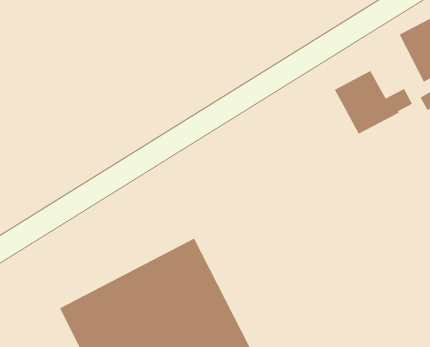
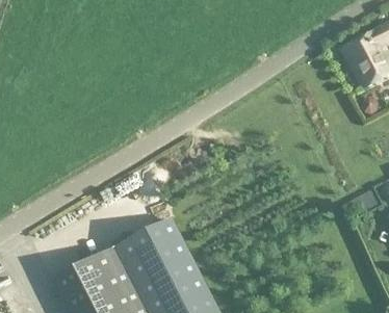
building: [334,70,413,135] -> none

